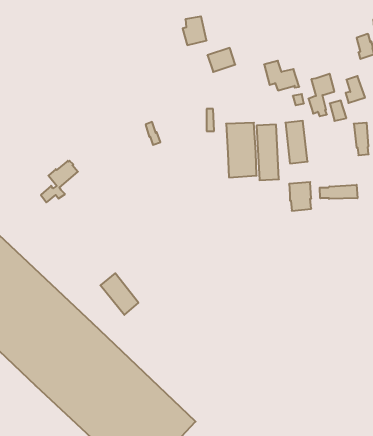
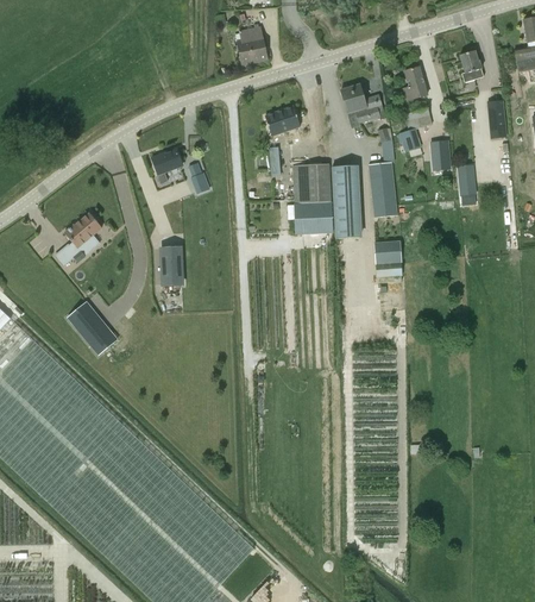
building: [207,48,235,72] -> [265,108,301,139]
building: [346,76,365,103] -> [403,67,428,101]
building: none -> [152,149,182,183]
building: [320,185,357,199] -> none
building: none -> [159,245,183,287]
building: [100,273,138,315] -> [68,301,117,355]

